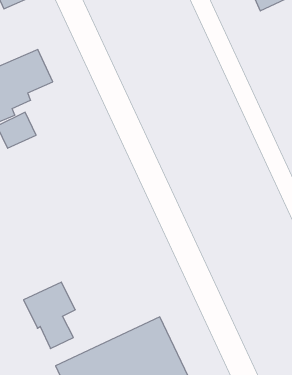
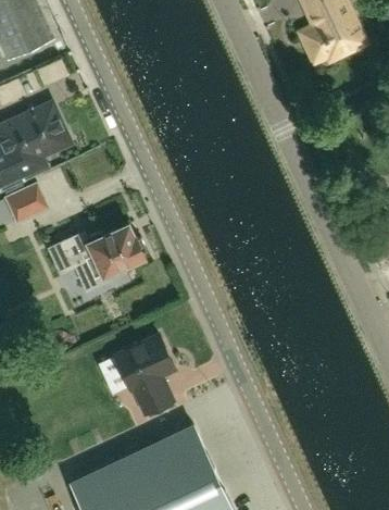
building: none -> [61,225,147,295]
building: [24,282,75,349] -> [114,337,175,415]

